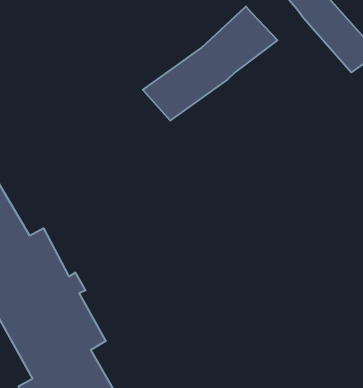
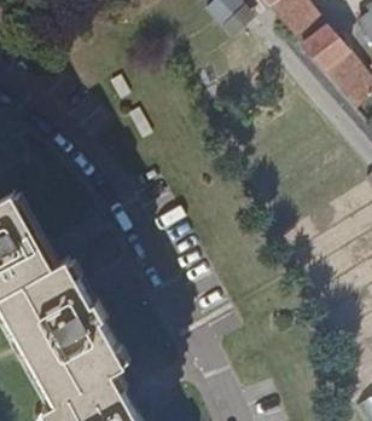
building: [143,6,277,121] -> none

